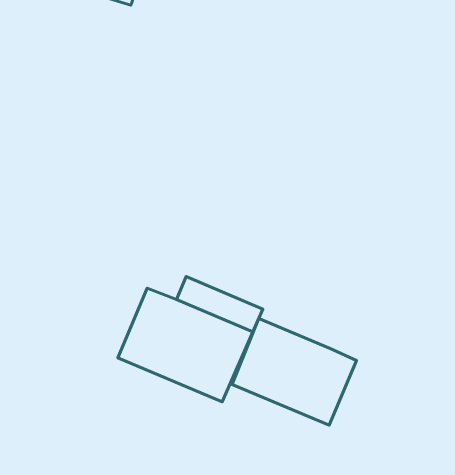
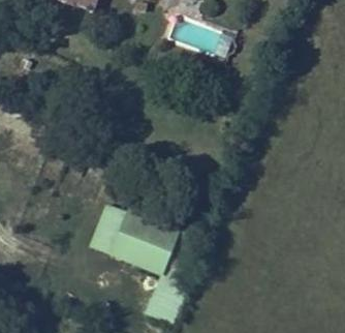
building: [232,319,357,425] -> none

